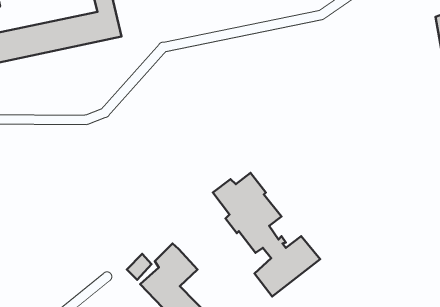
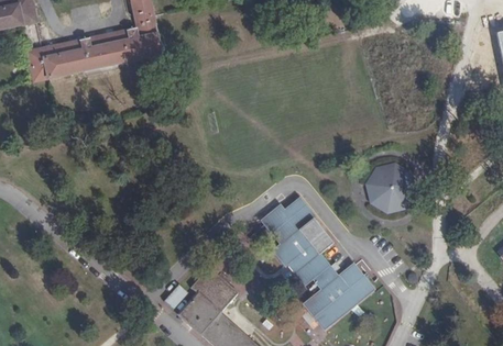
building: none -> [367,166,409,209]

